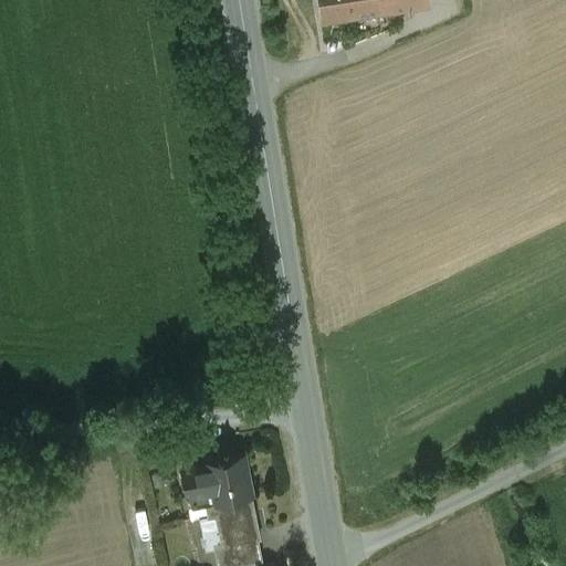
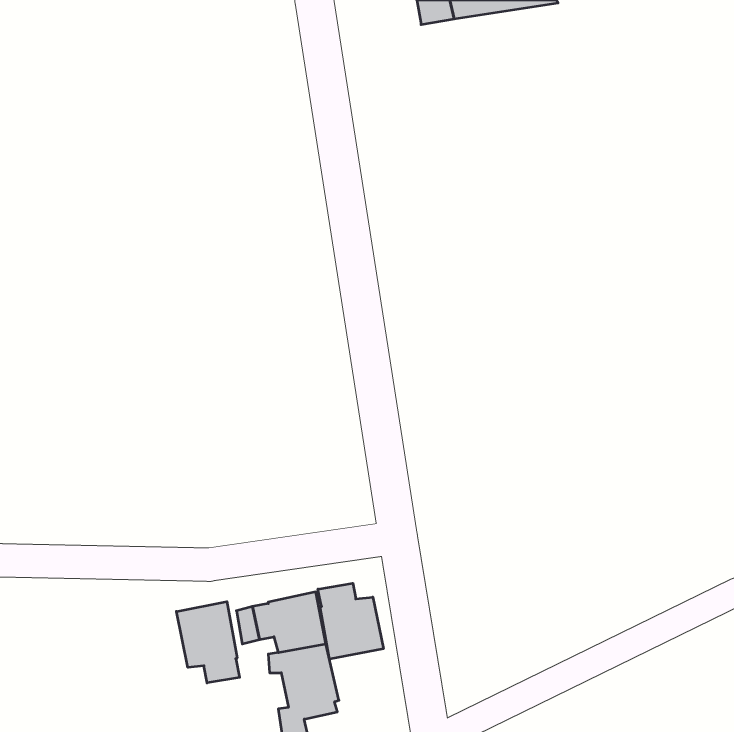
building: none -> [318,583,383,659]
building: none -> [176,602,240,683]

